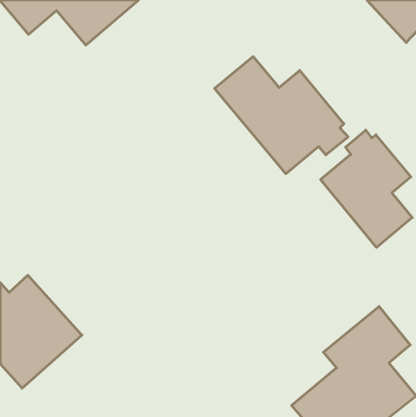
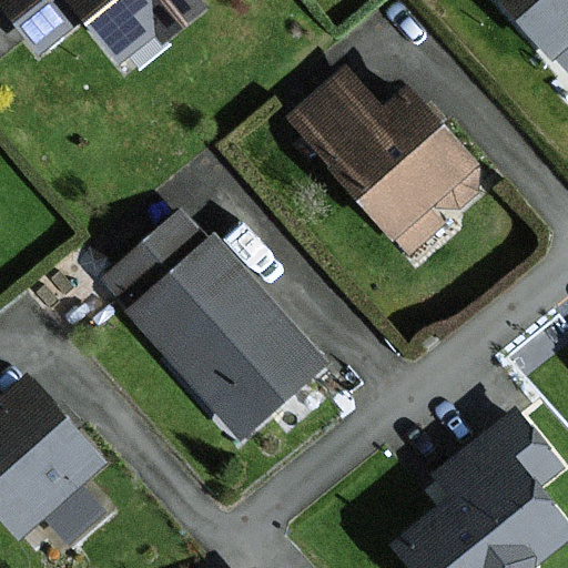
building: [321,130,412,247] -> none
building: none -> [114,217,323,436]

